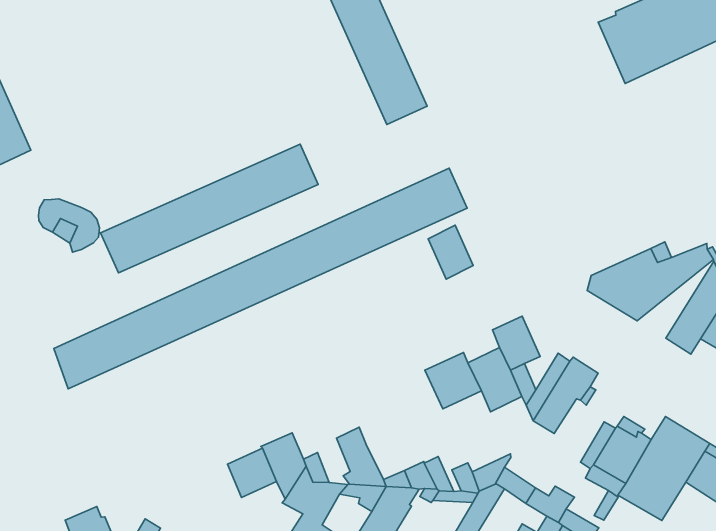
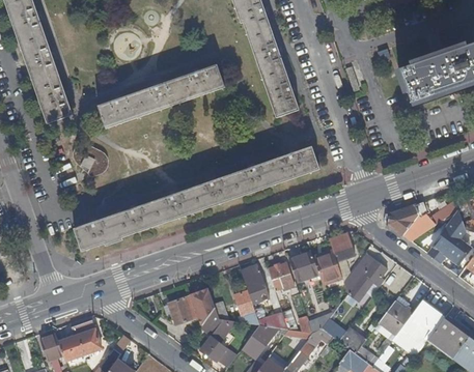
building: [100,144,318,273] -> [97,63,224,127]
building: [428,225,473,279] -> none
building: none -> [267,263,294,295]
building: none -> [240,263,268,298]

